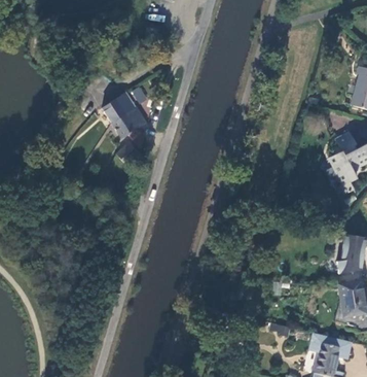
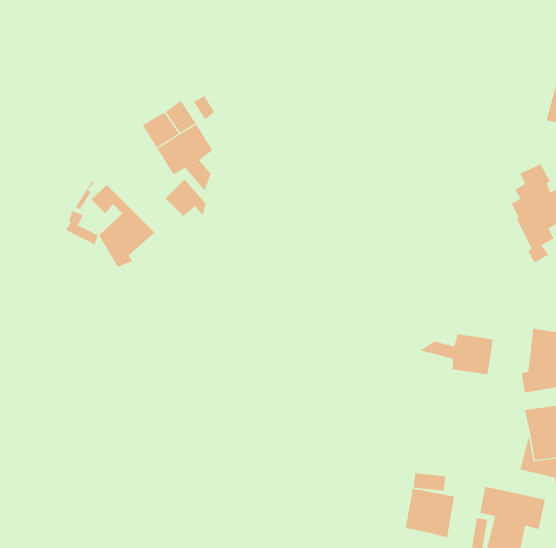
building: none -> [90,184,155,268]
building: none -> [419,333,493,375]
building: none -> [405,488,455,538]

